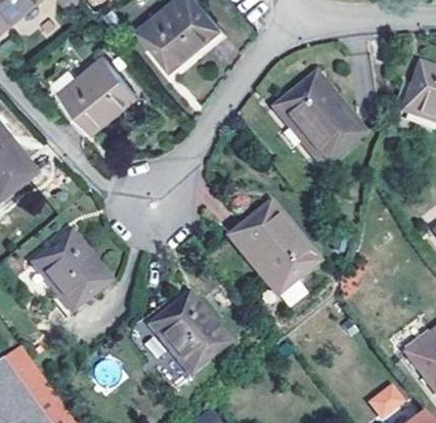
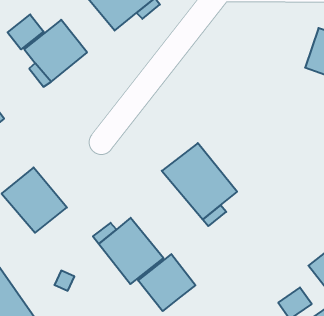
building: none -> [8,14,44,49]
building: [272,75,361,167] -> none
building: none -> [138,254,195,311]

